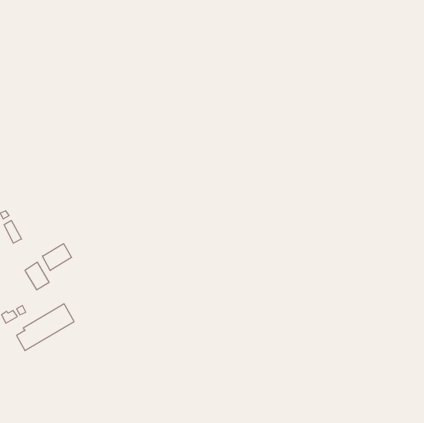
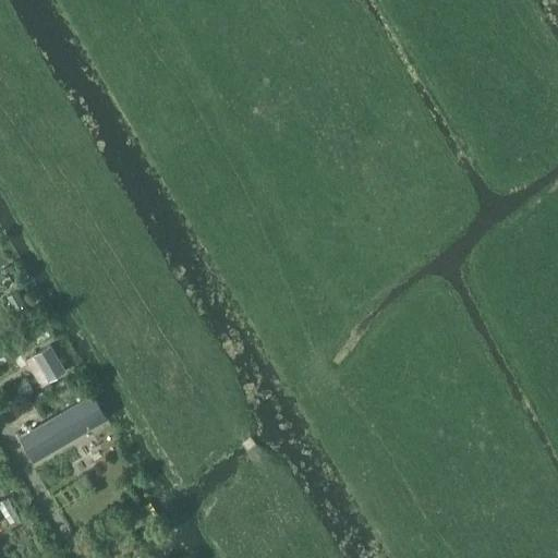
building: [42,244,72,271] -> none

